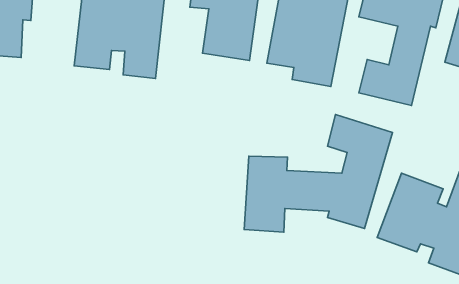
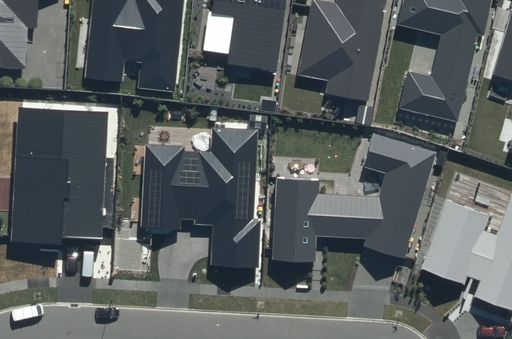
building: none -> [12,107,108,244]
building: none -> [142,128,261,268]

